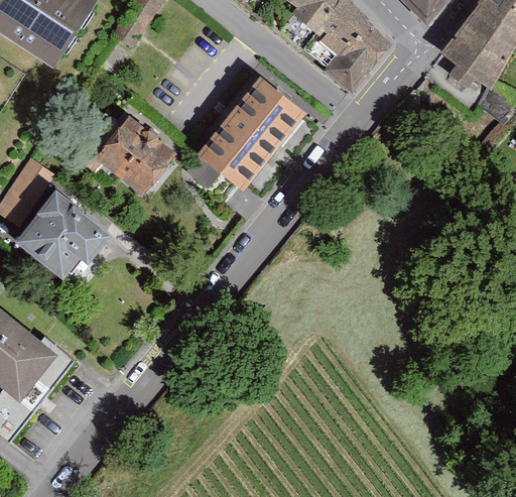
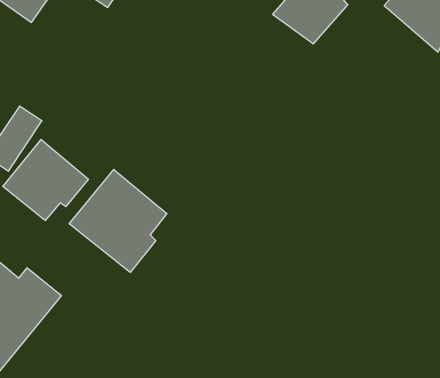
building: [192,74,301,190] -> none
building: [90,115,173,197] -> none
building: none -> [69,169,167,272]

